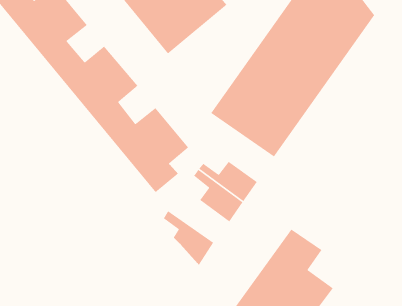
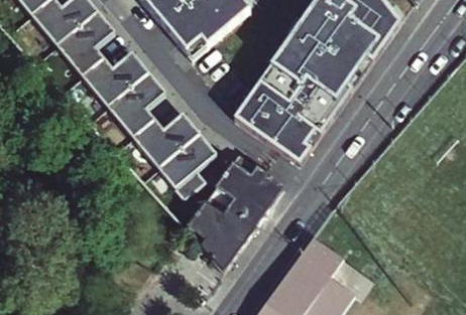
building: none -> [193,203,254,246]

